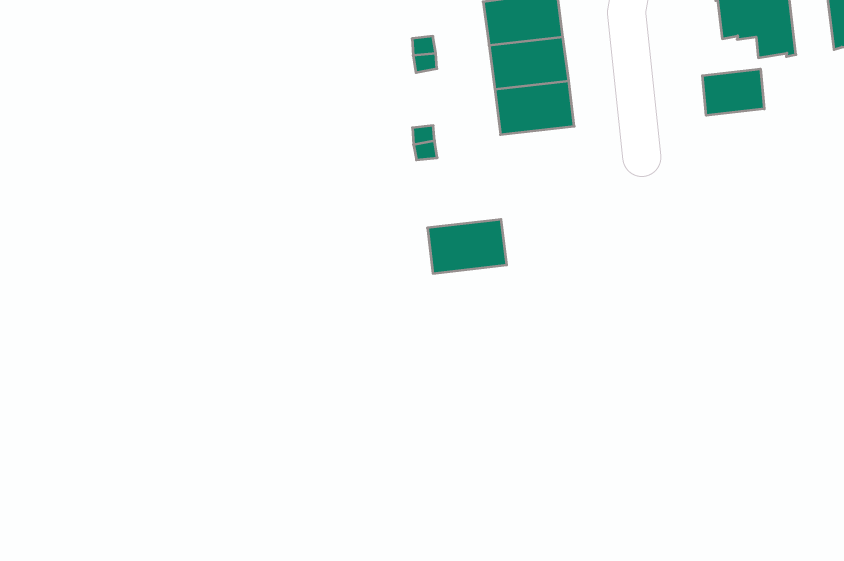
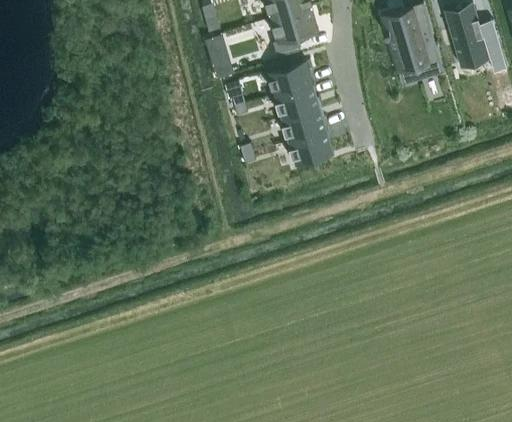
building: [702,69,764,115] -> none
building: [427,219,507,273] -> [288,131,334,166]

